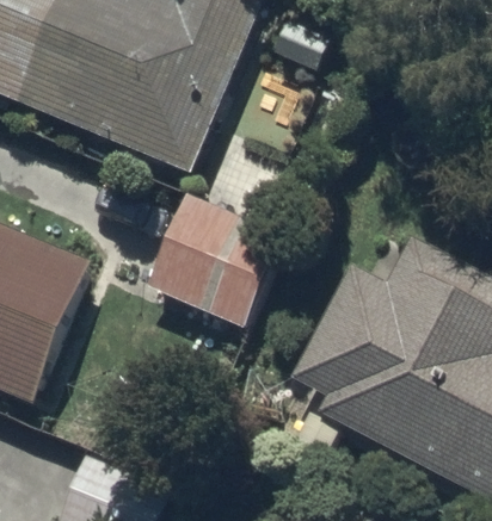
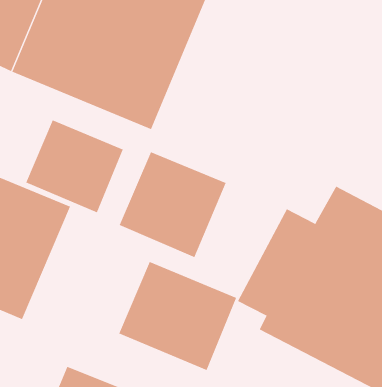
building: none -> [25,119,124,213]
building: none -> [118,261,237,371]

